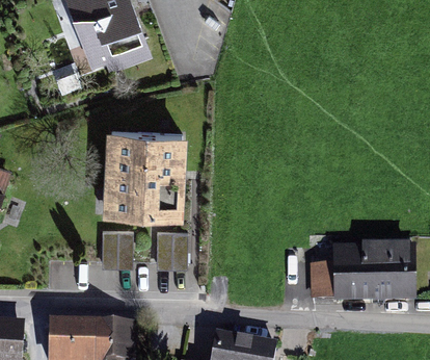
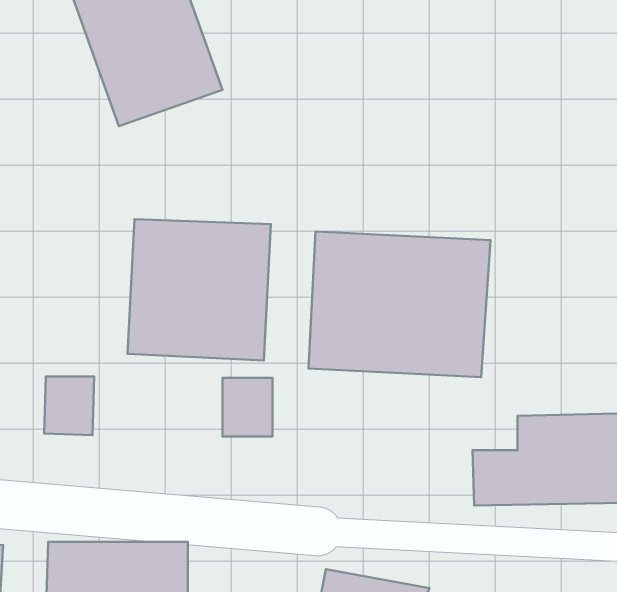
building: none -> [309,231,490,377]
building: [100,229,130,264] -> [44,376,94,435]

